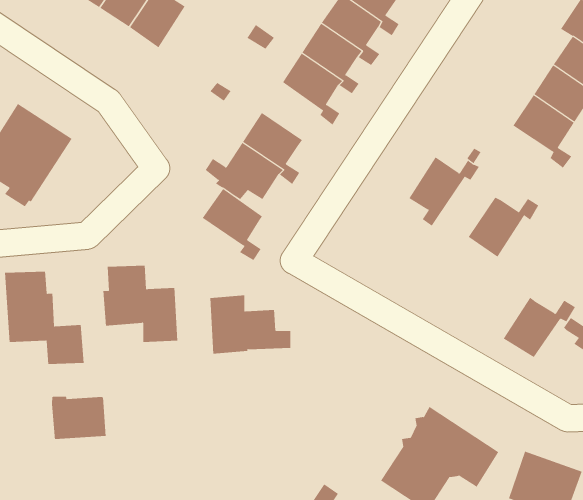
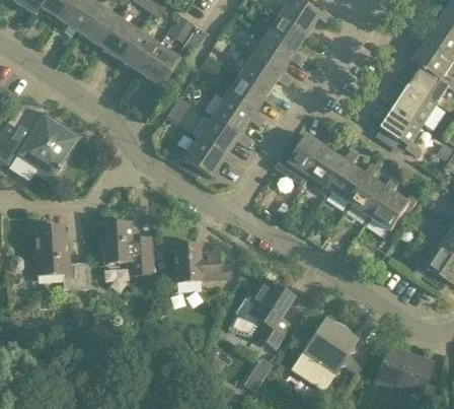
building: none -> [141,45,191,86]
building: none -> [277,133,329,185]
building: none -> [331,161,380,202]
building: [202,188,263,261] -> [211,96,252,146]
building: [503,297,576,358] -> [372,188,422,229]
building: none -> [229,277,294,348]
building: [51,396,106,440] -> none

